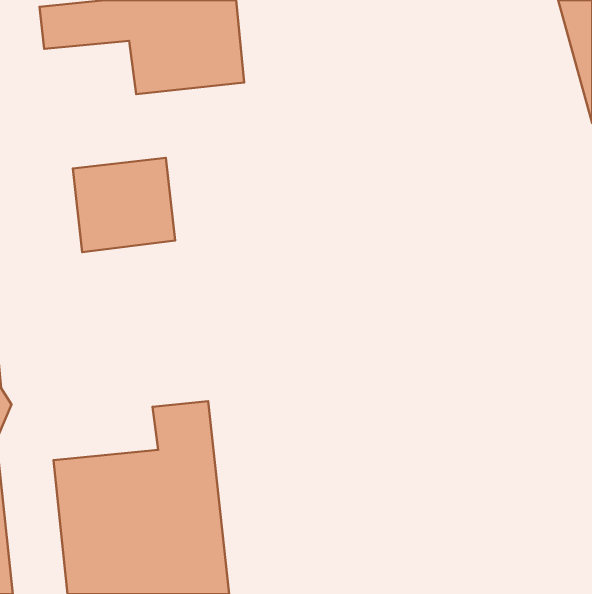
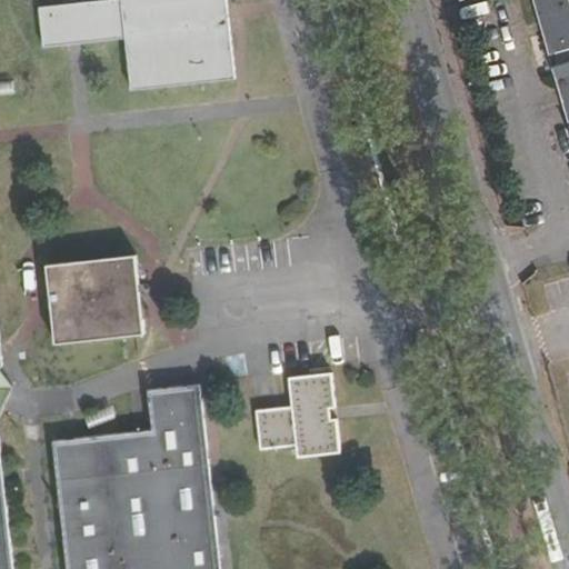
building: [73,158,175,252] -> [46,254,143,345]
building: none -> [254,372,340,457]

